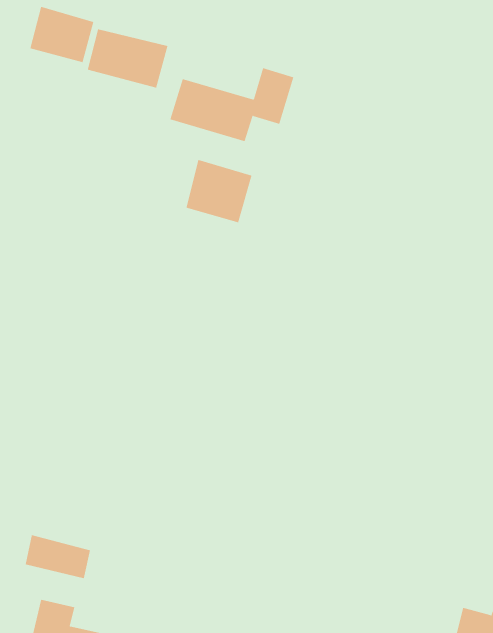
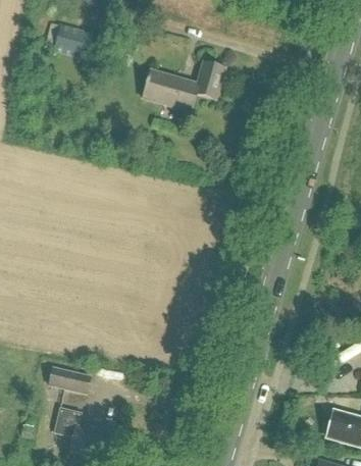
building: [87,29,168,89] -> none
building: [186,159,252,223] -> none

